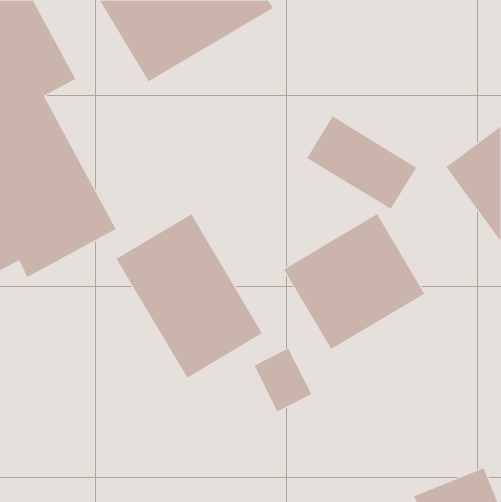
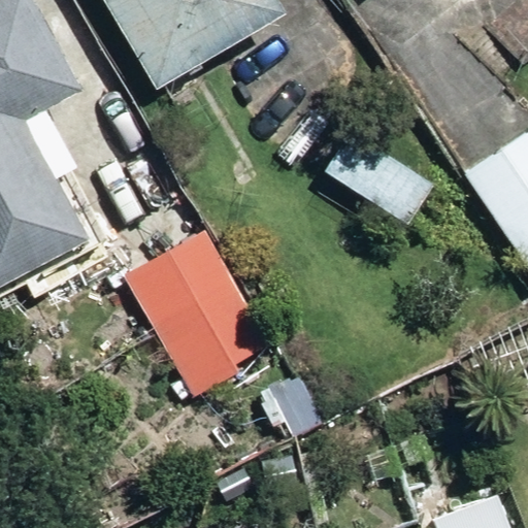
building: [283,213,425,350] -> none

